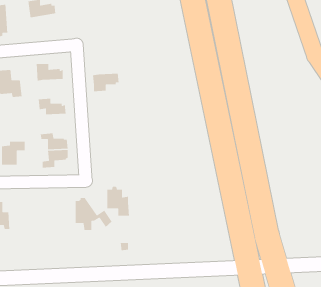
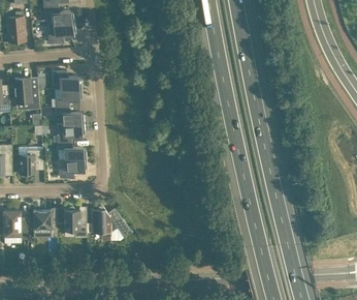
building: none -> [48,22,76,43]
building: [92,73,120,92] -> [55,88,83,108]
building: none -> [57,123,85,143]
building: [106,186,130,216] -> [64,207,88,238]
building: none -> [33,211,58,238]

